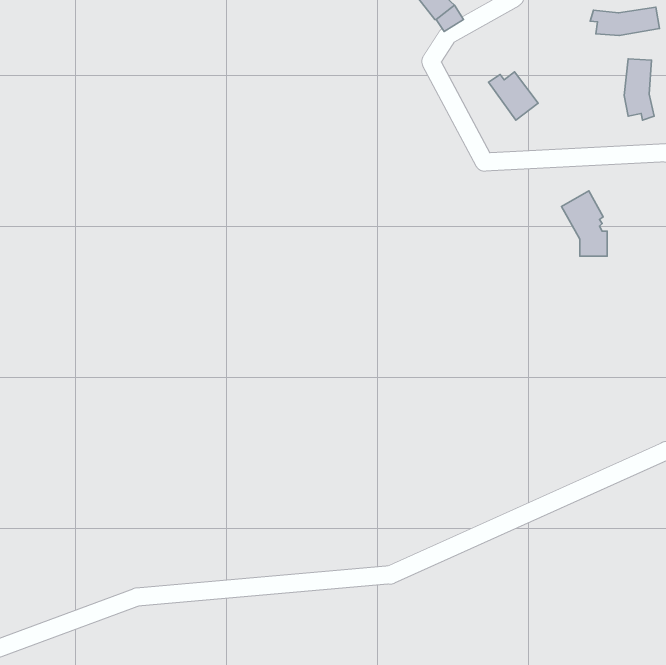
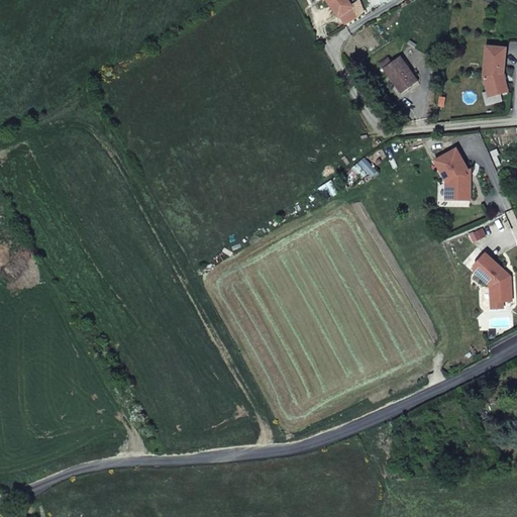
building: [590,7,659,35] -> none
building: none -> [471,251,511,300]

